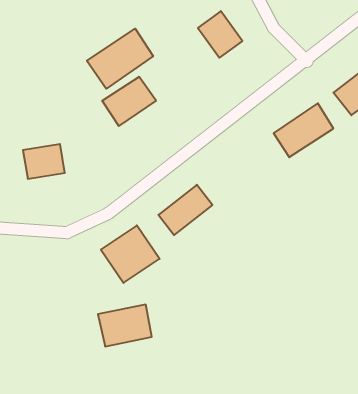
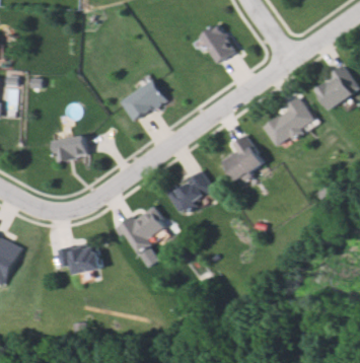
building: [87,29,153,89] -> none
building: none -> [222,139,265,181]
building: [98,305,152,346] -> [57,243,102,279]

